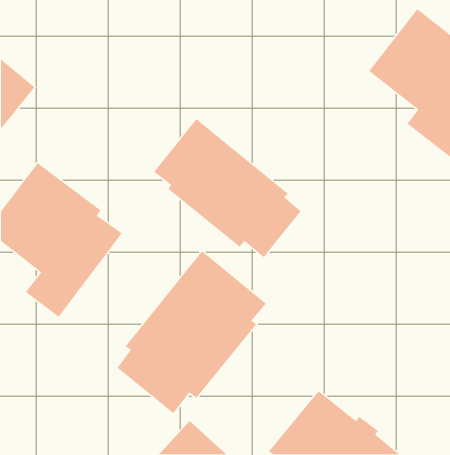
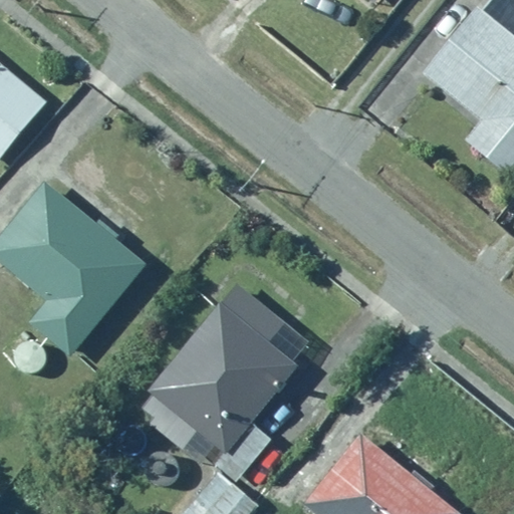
building: [153,118,301,258] -> none

